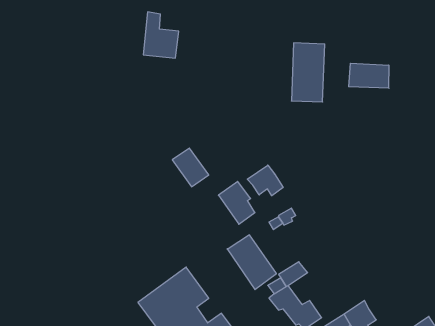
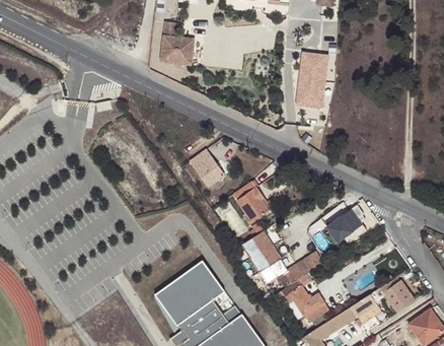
building: [349,63,389,88] -> none
building: [247,165,283,196] -> none
building: none -> [325,205,365,243]
building: none -> [370,279,415,313]

